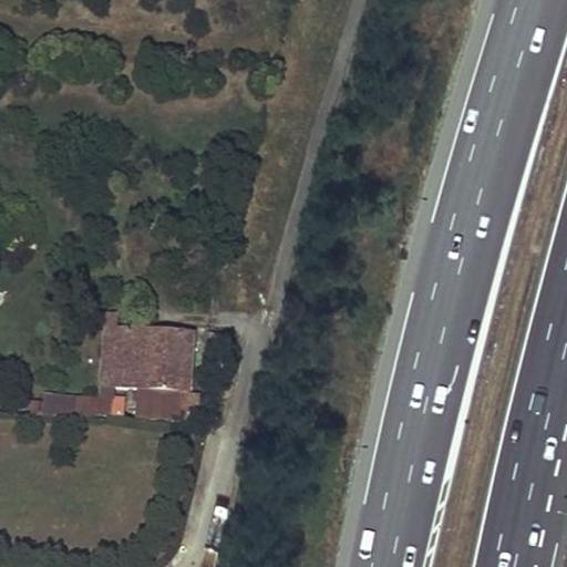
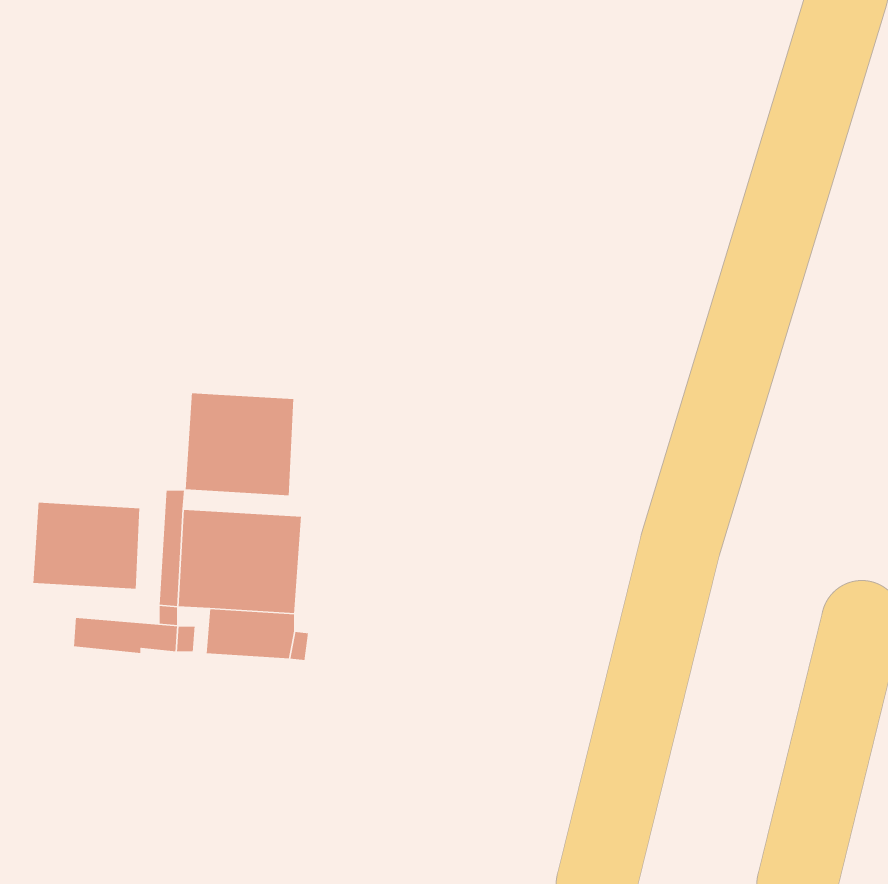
building: none -> [185,393,294,496]
building: none -> [33,502,140,590]

